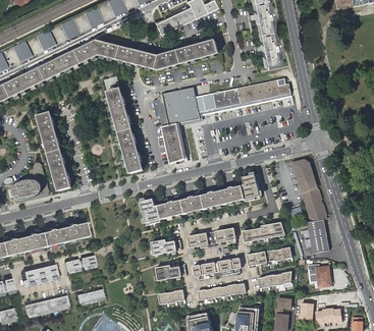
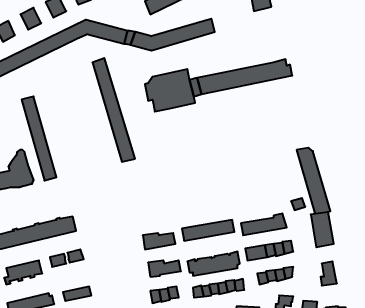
building: [255,29,277,64] -> none
building: [161,123,184,164] -> none
building: [141,174,260,223] -> none

